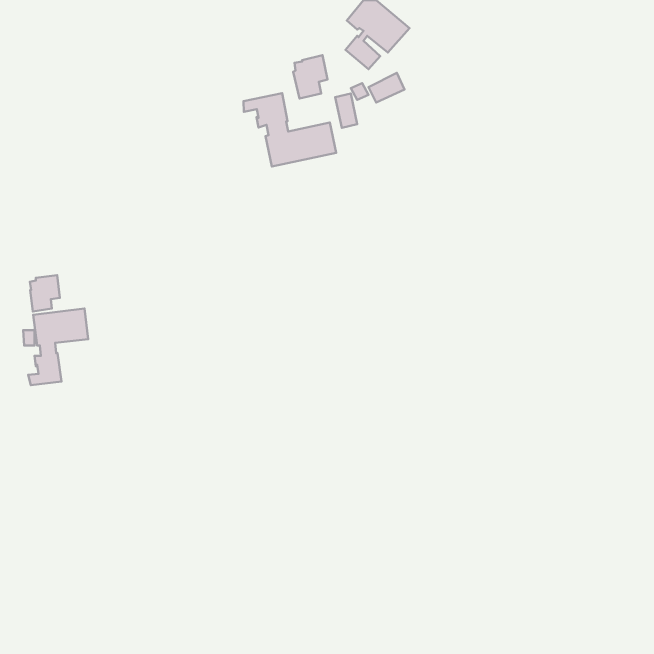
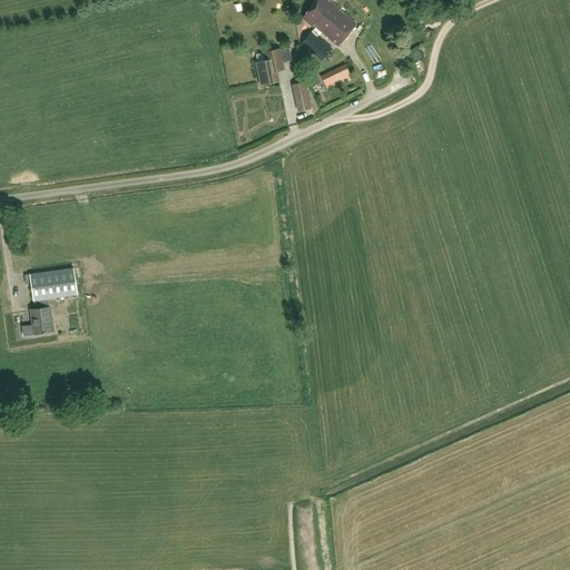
building: [243,93,336,166] -> none
building: [30,275,60,312] -> none

